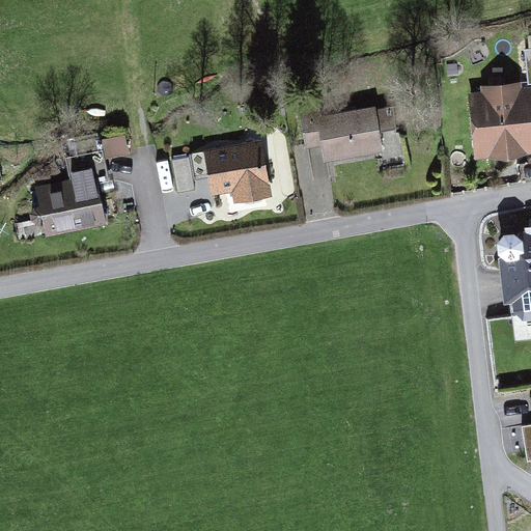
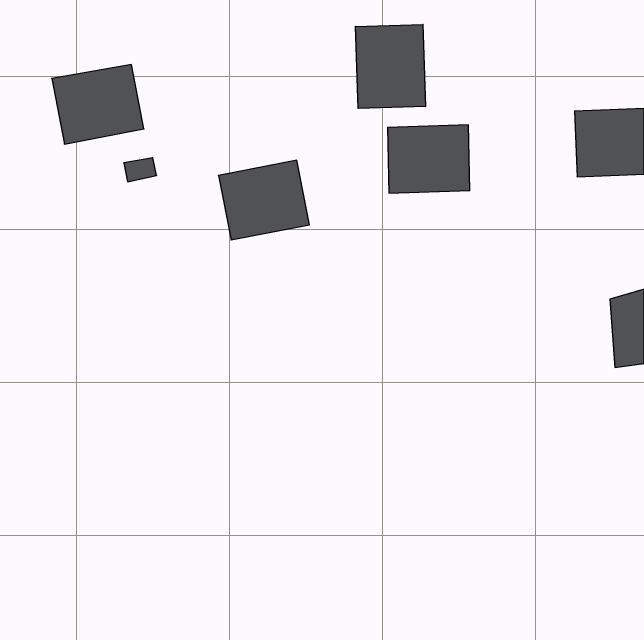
building: none -> [355,24,425,108]
building: [36,170,112,235] -> [52,65,144,144]

